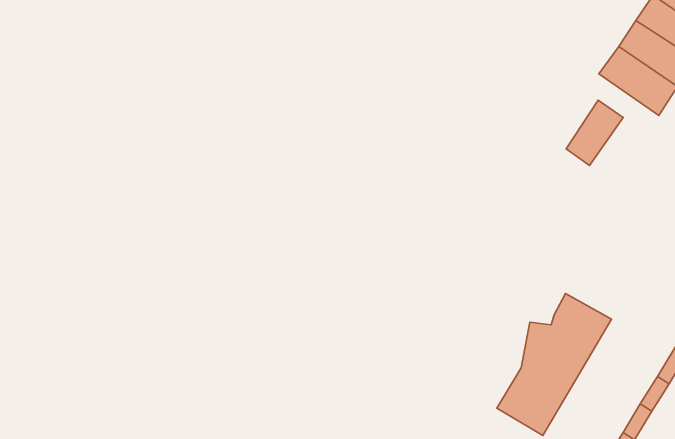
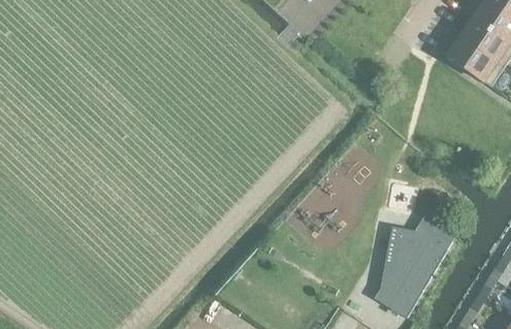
building: [566,100,623,165] -> none

